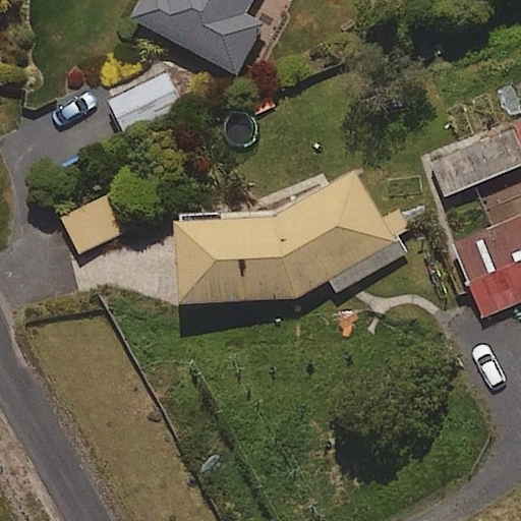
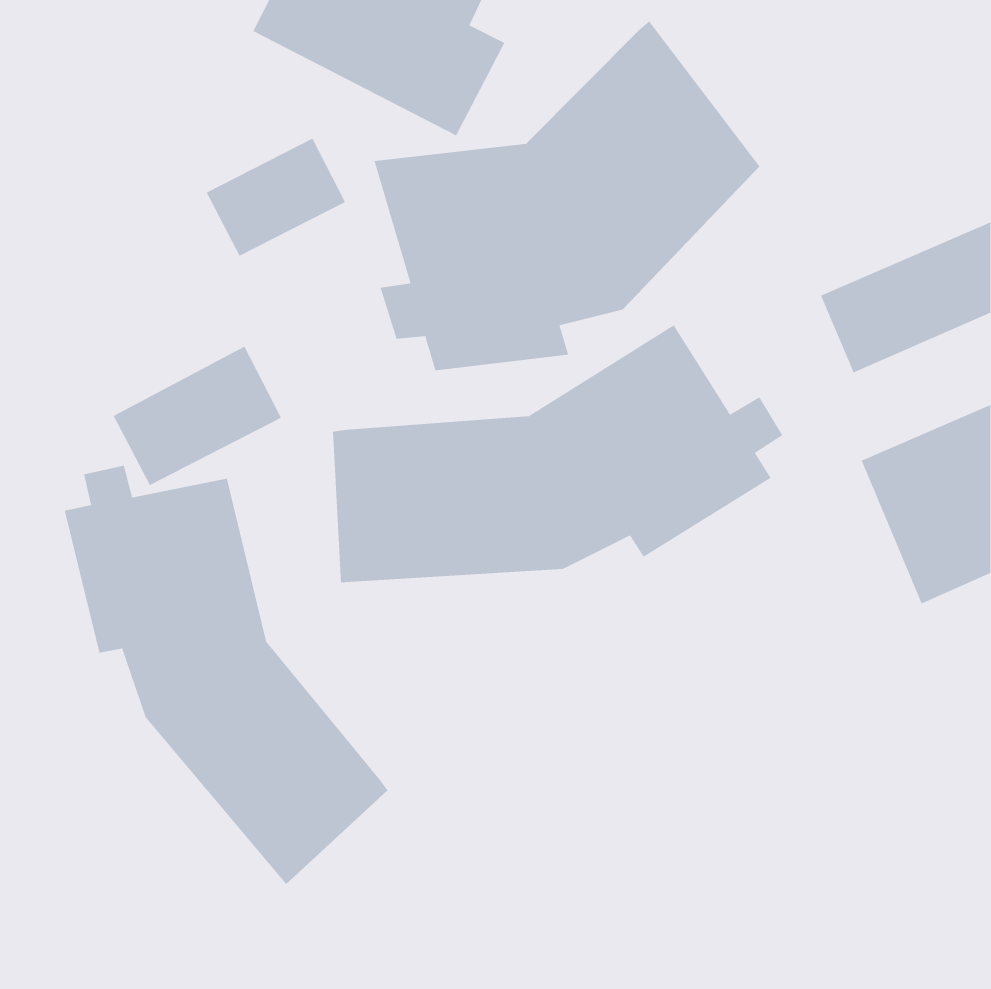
building: none -> [374,20,760,371]
building: none -> [64,465,388,885]

